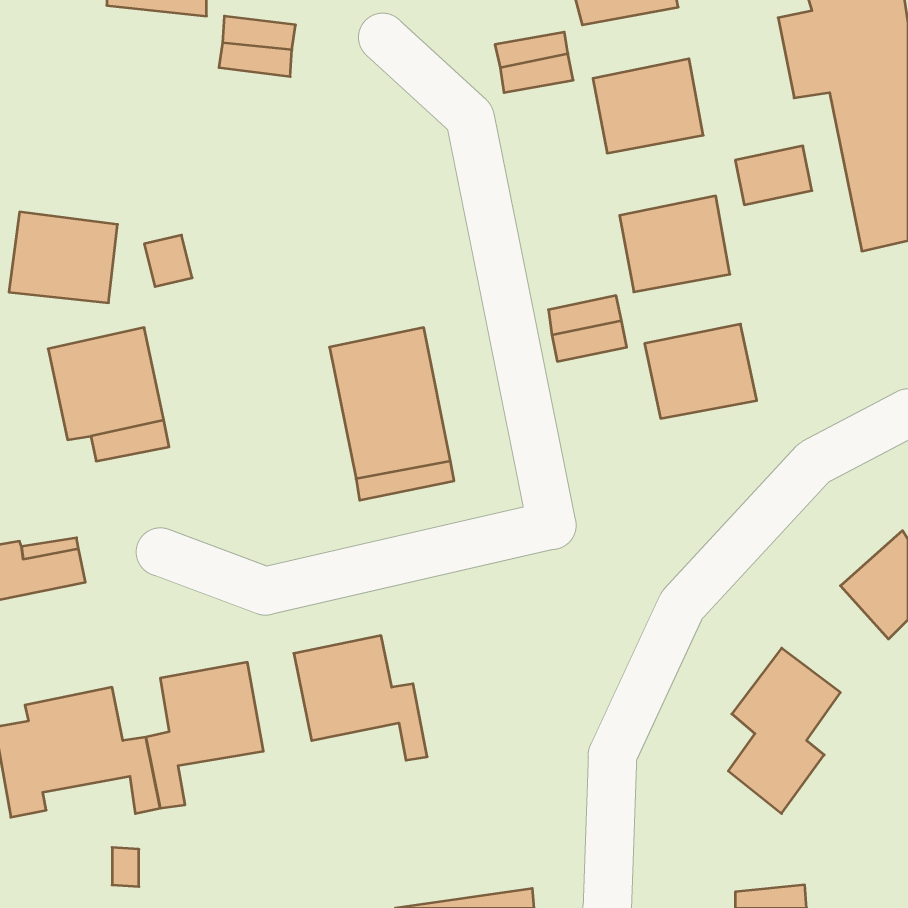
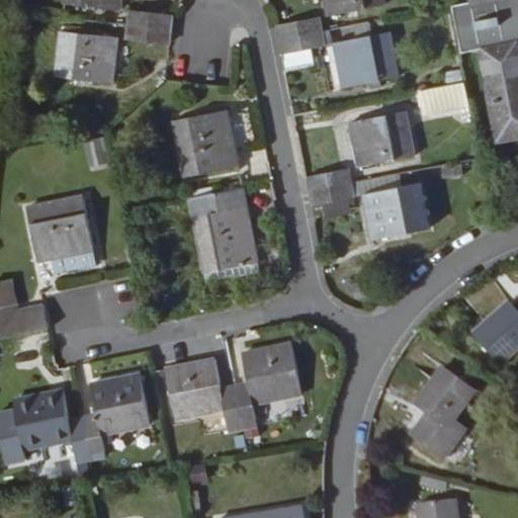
building: none -> [172,110,237,178]
building: [9,212,118,303] -> [53,31,114,83]
building: none -> [235,346,303,430]

